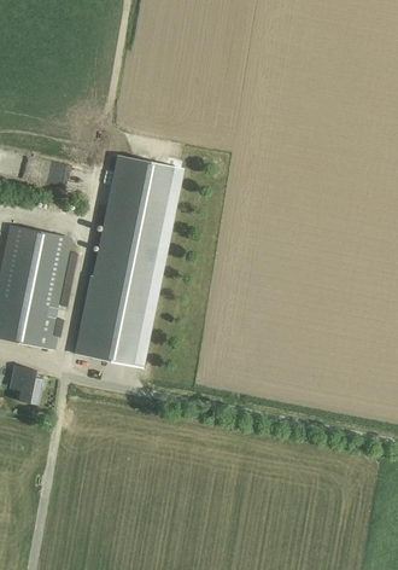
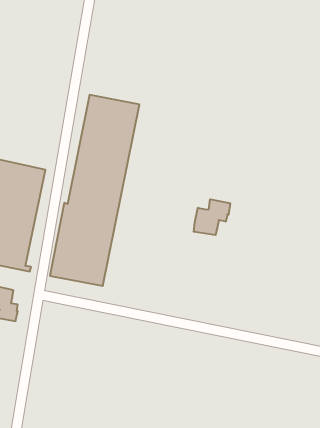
building: none -> [194,199,230,235]

